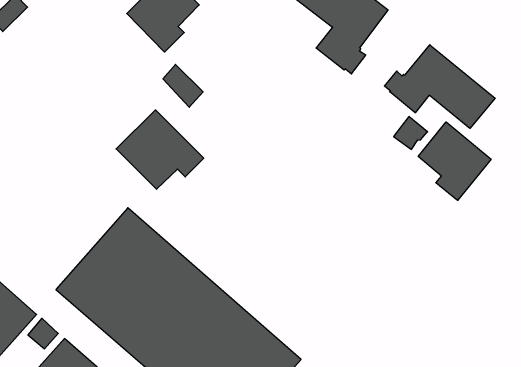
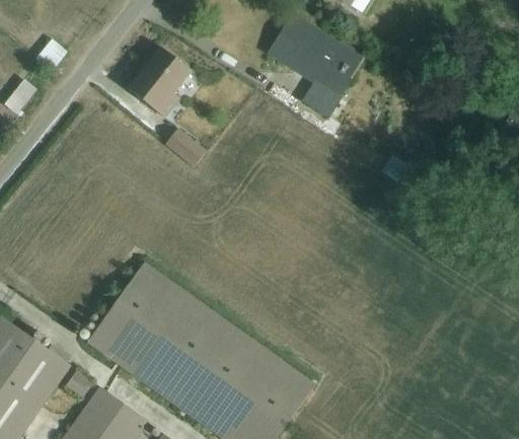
building: [384,45,495,128] -> none
building: [116,110,204,189] -> none
building: [418,122,491,200] -> none

